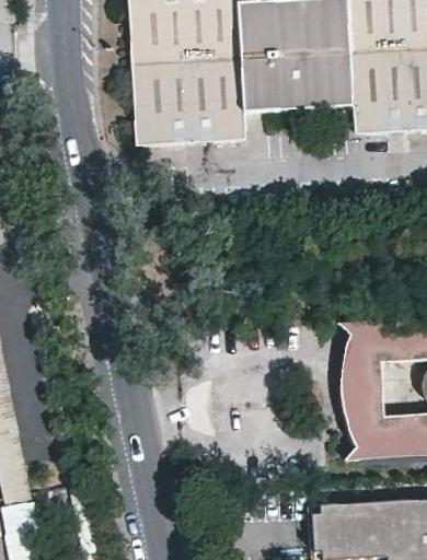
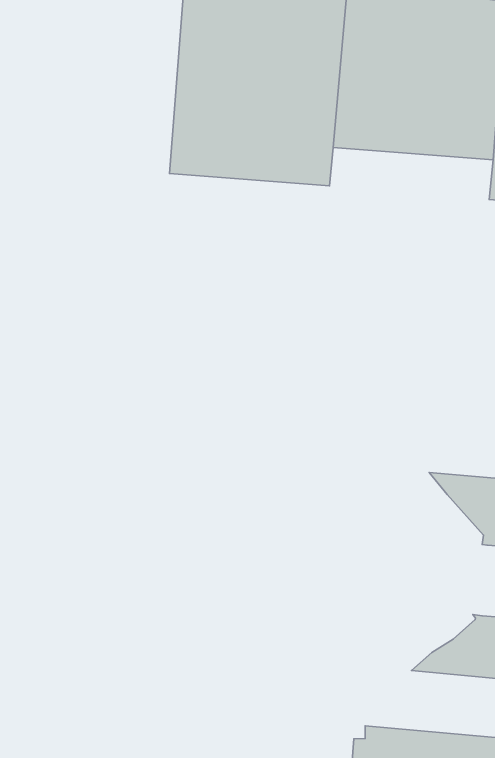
building: [343,339,388,447] -> none

